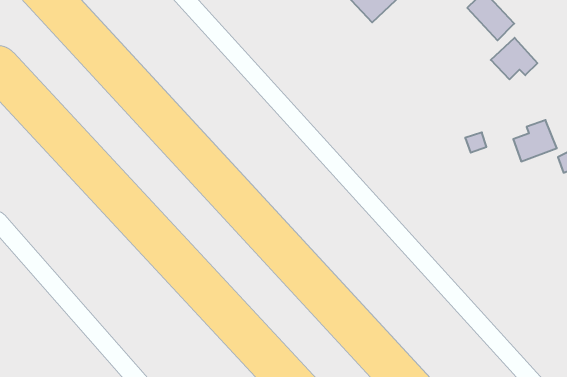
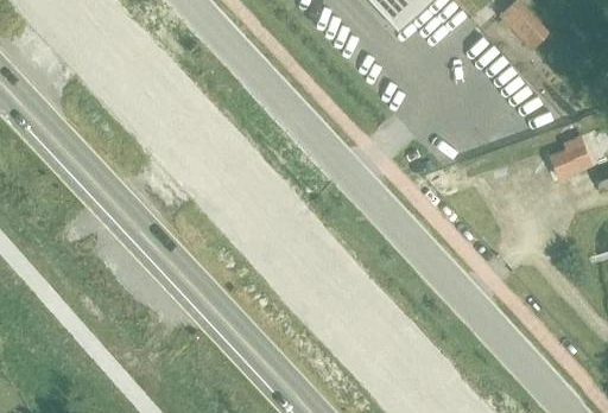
building: [491,38,537,79] -> none

